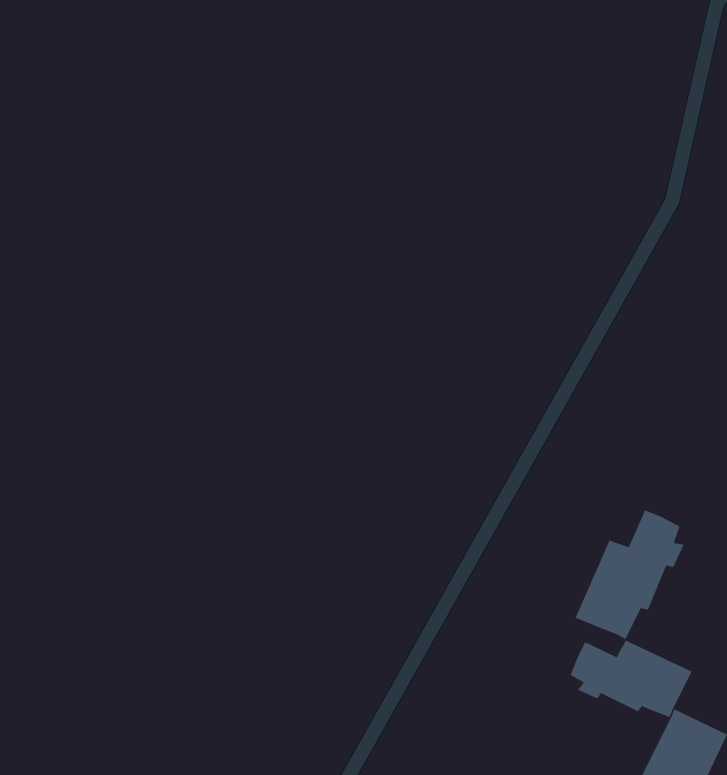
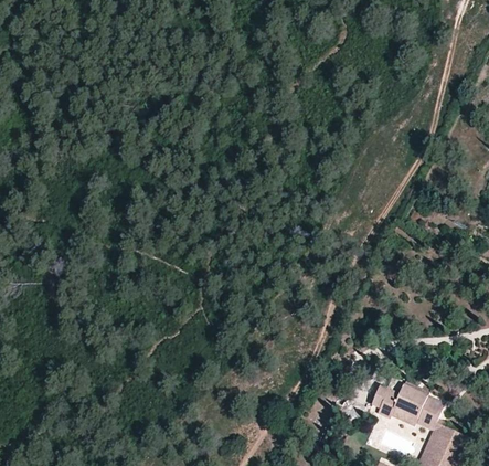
building: [575,510,684,640] -> none

